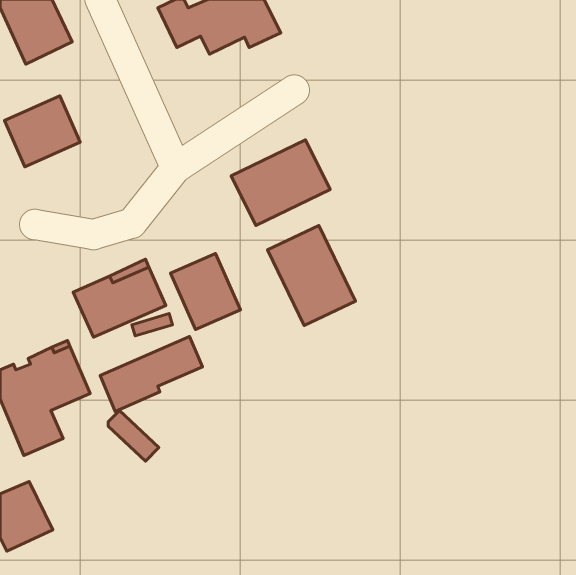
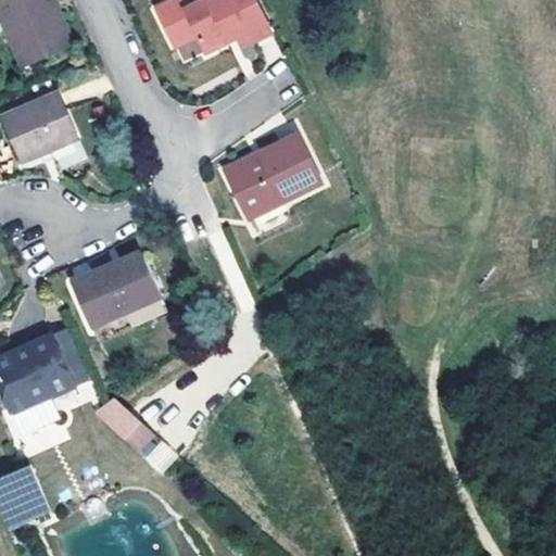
building: [267,226,356,325] -> none
building: [171,253,240,329] -> none
building: [100,336,203,411] -> none

